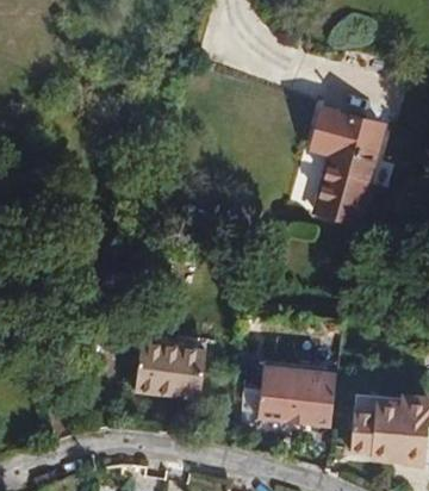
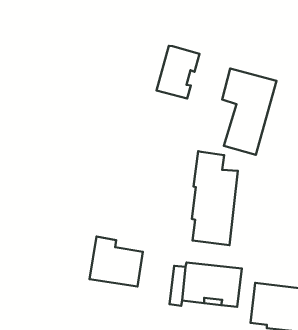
building: none -> [157,46,199,99]
building: none -> [192,151,238,245]

